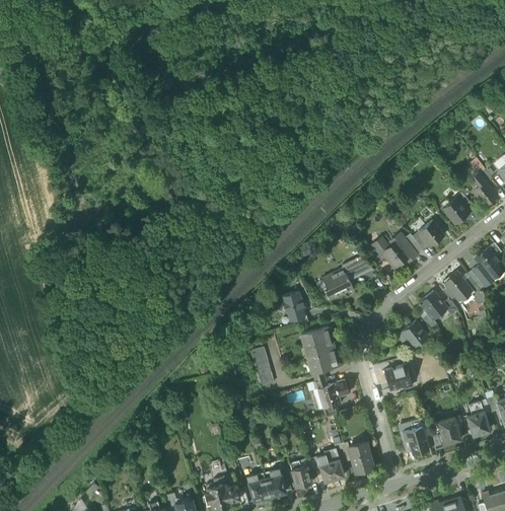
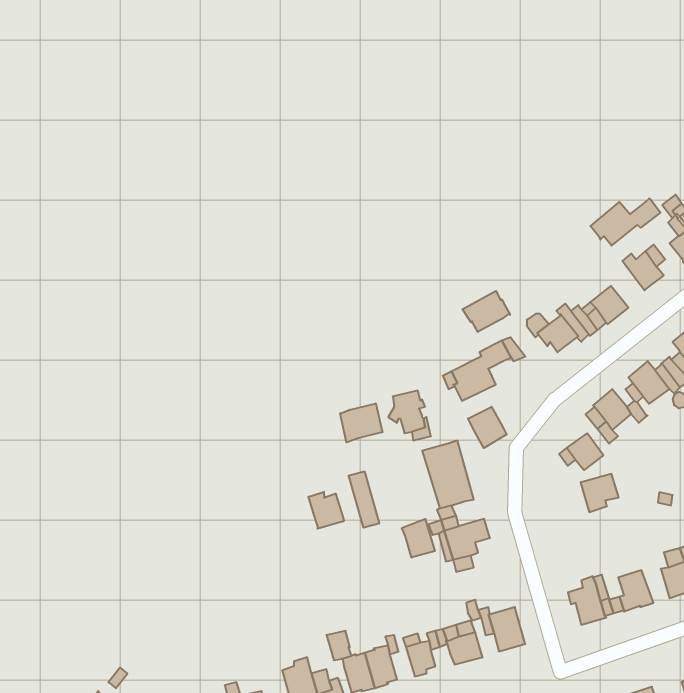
building: none -> [590,198,660,246]
building: none -> [463,291,510,332]
building: none -> [340,403,382,442]
building: none -> [468,407,507,448]
building: none -> [308,492,344,529]
building: [384,365,411,391] -> [580,474,619,512]
building: none -> [402,519,435,558]

